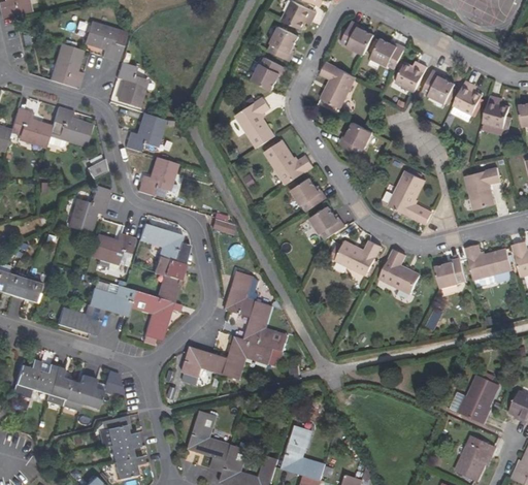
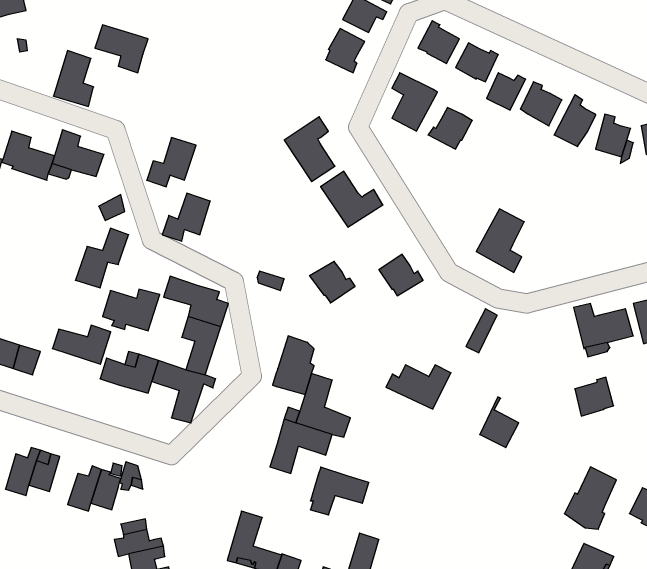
building: [251,57,286,90] -> none
building: [116,62,145,107] -> none
building: [337,122,372,155] -> [428,108,472,149]
building: [464,167,500,209] -> none
building: [290,177,326,211] -> [310,261,355,303]
building: [329,239,381,274] -> [386,365,451,409]
building: [389,254,420,294] -> [480,397,519,448]
building: [434,258,465,289] -> [575,377,614,416]
building: [57,304,103,335] -> [52,325,111,364]
building: [182,346,228,384] -> [310,467,369,515]
building: [45,366,70,405] -> none

